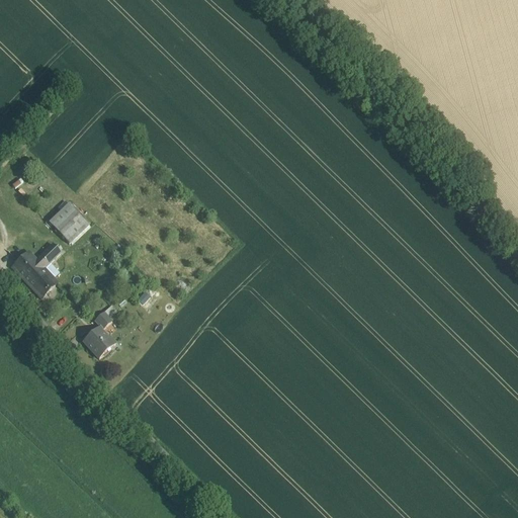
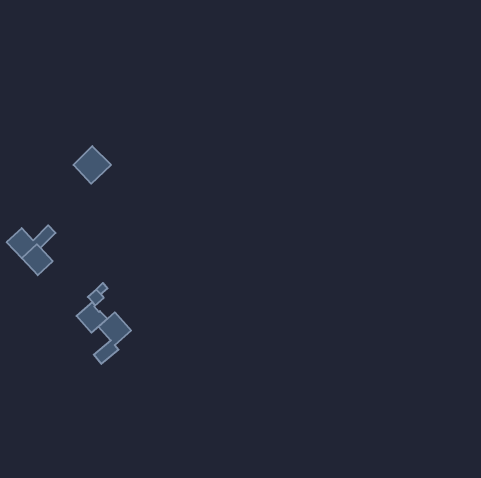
building: [49,201,89,242] -> [73,146,111,184]
building: none -> [94,312,131,364]

